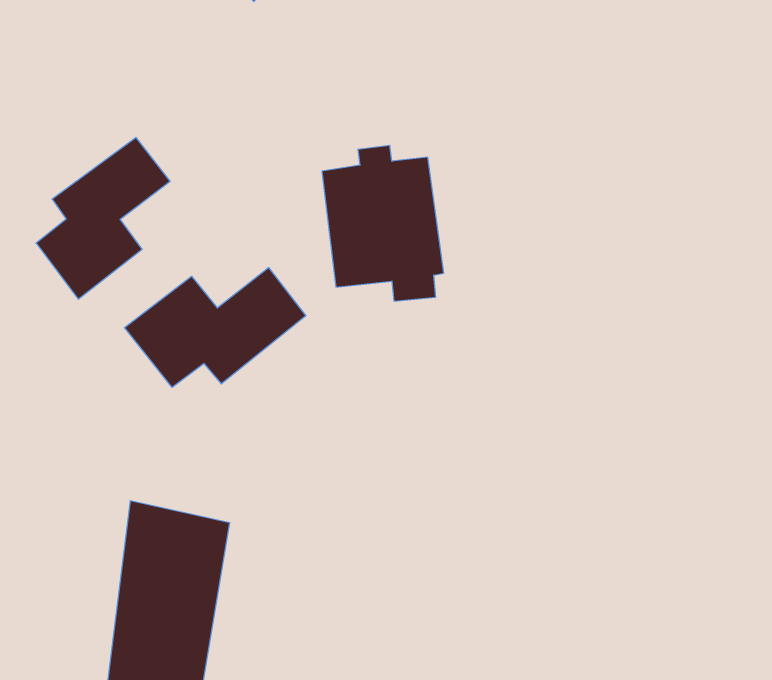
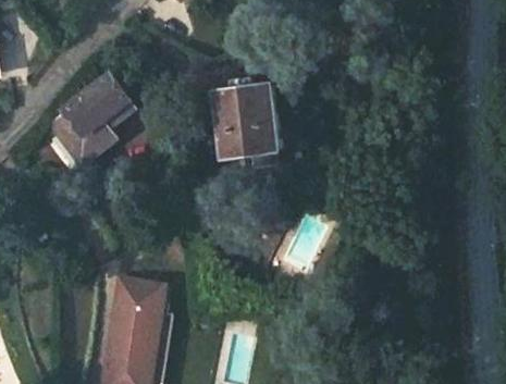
building: [125,268,306,387] -> none

